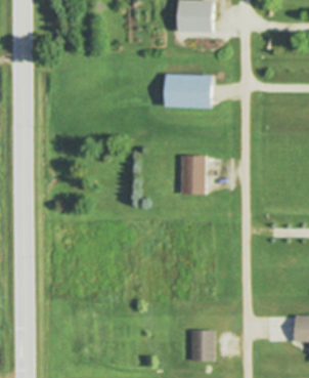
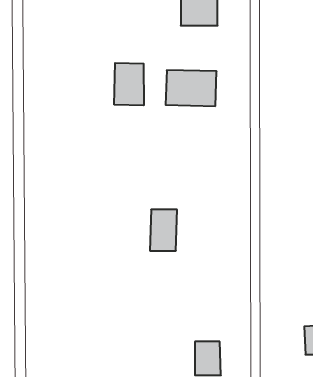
building: none -> [114,63,144,105]
building: [180,156,206,195] -> [150,210,177,251]

